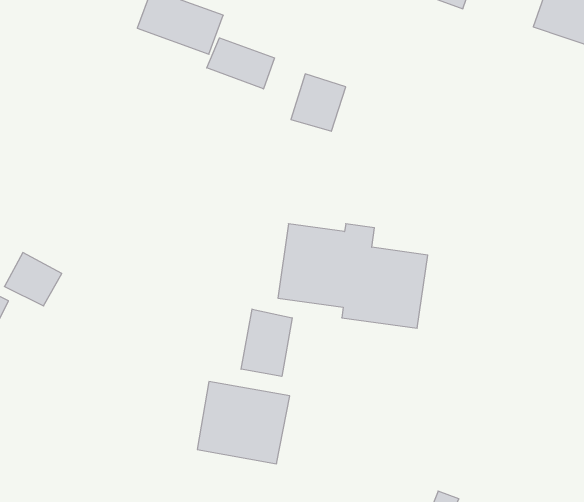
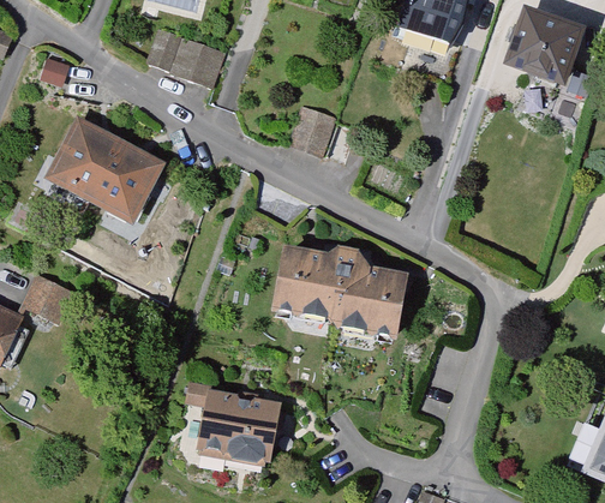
building: [207,38,275,89] -> none
building: none -> [48,115,166,220]
building: [241,309,292,376] -> none

